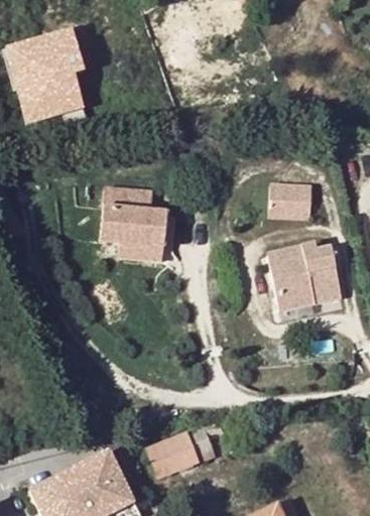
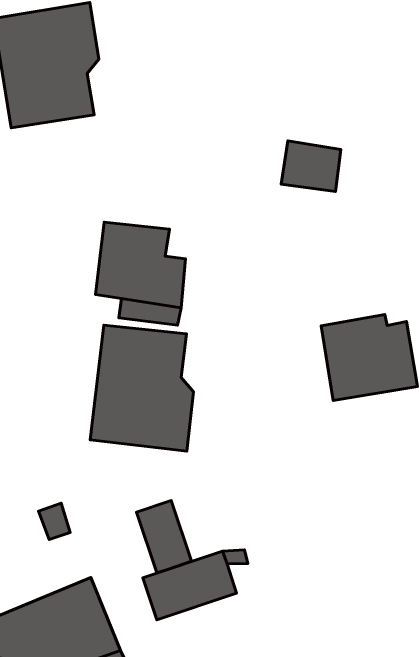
building: [269,182,312,218] -> [281,141,341,192]
building: none -> [90,325,193,451]
building: none -> [137,500,191,573]

